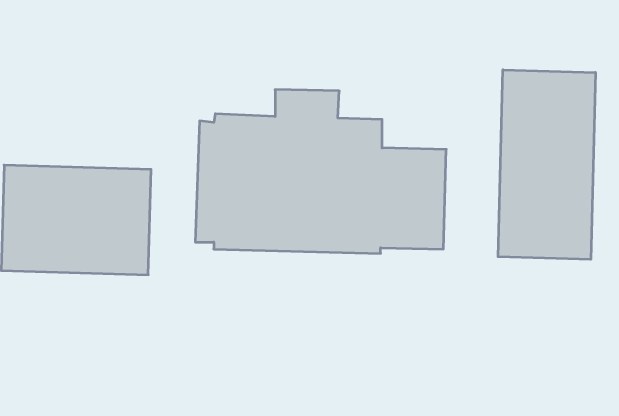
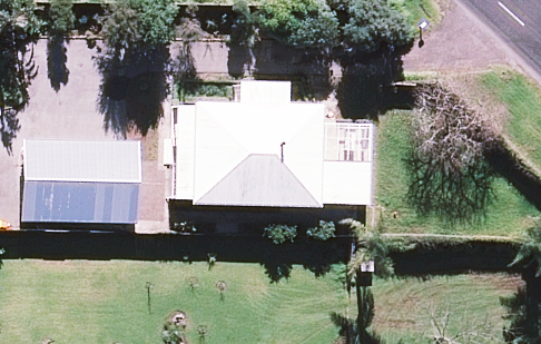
building: [498,70,595,259] -> none

